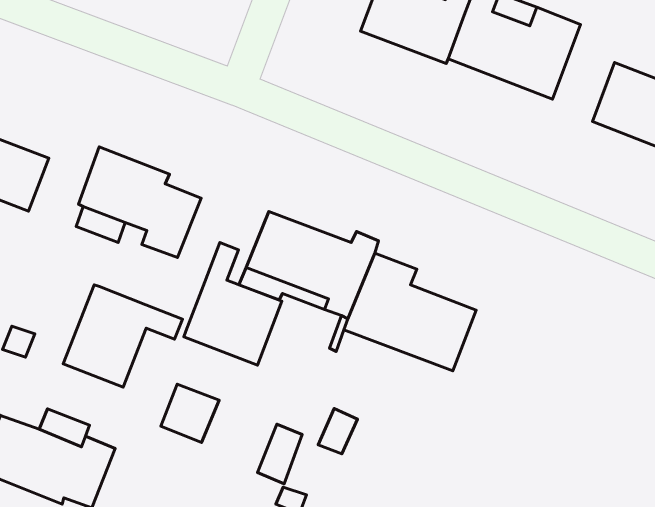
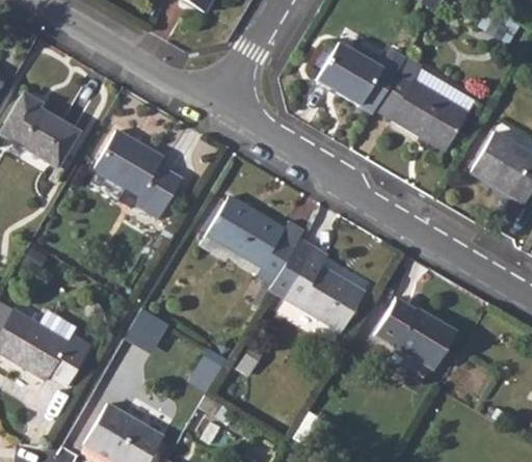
building: [184,243,282,365] -> none
building: [63,285,183,387] -> none
building: none -> [375,296,456,369]

